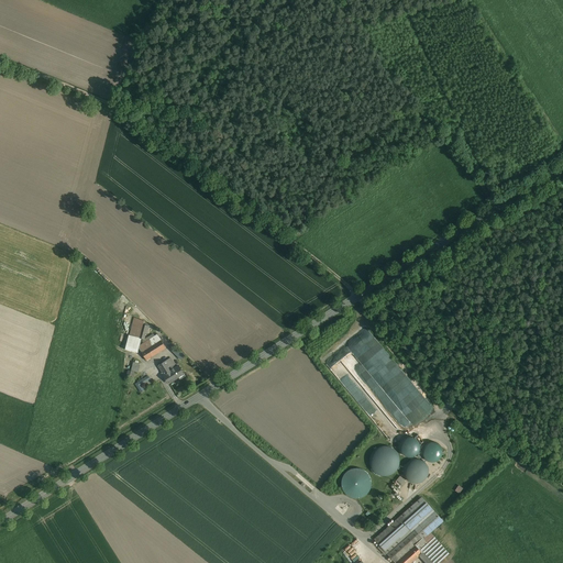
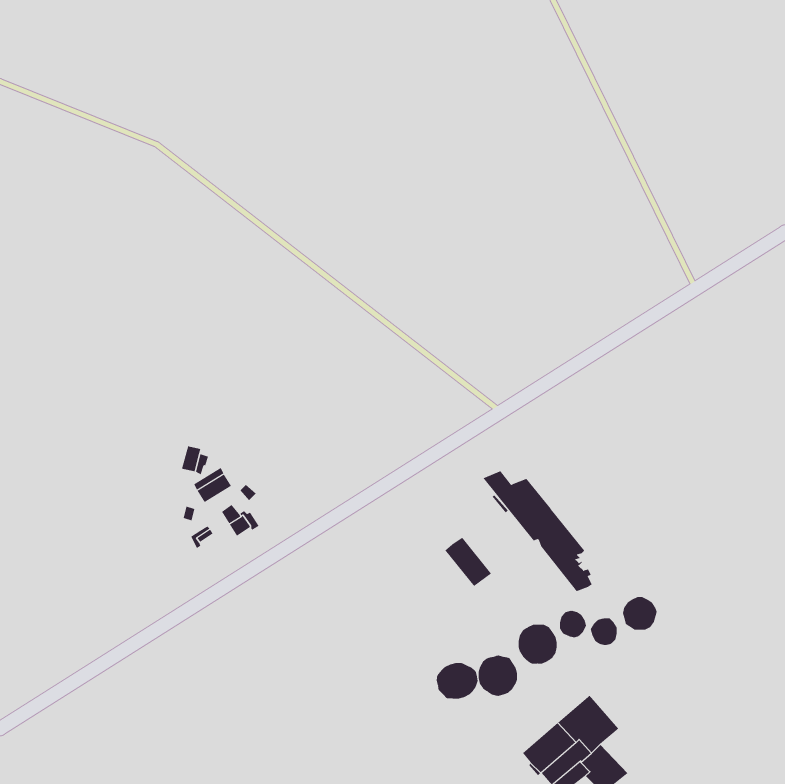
building: none -> [445,537,492,587]
building: [404,460,429,484] -> [622,596,657,630]
building: none -> [436,662,478,699]

